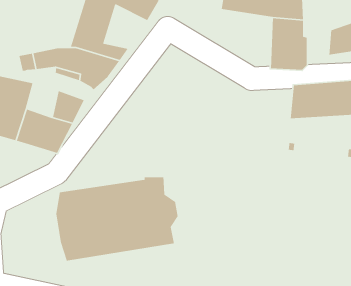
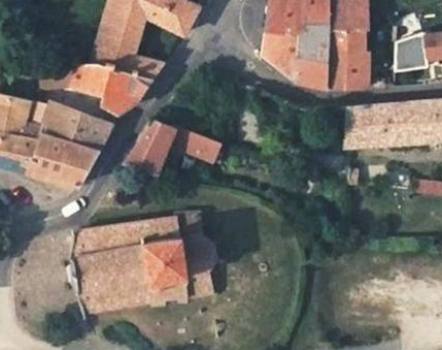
building: none -> [263,18,328,87]
building: none -> [41,102,78,144]
building: none -> [127,120,227,181]

